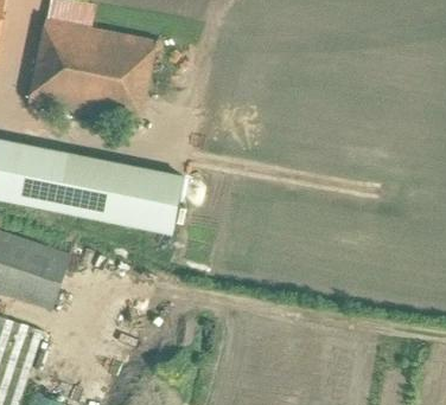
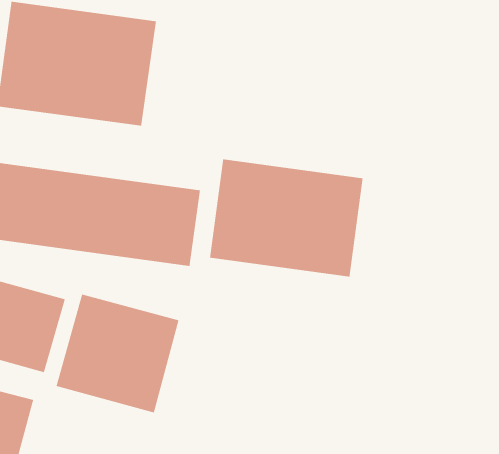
building: none -> [209,158,364,277]
building: none -> [56,294,180,414]

